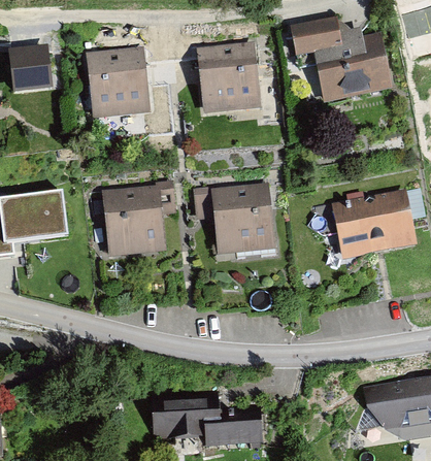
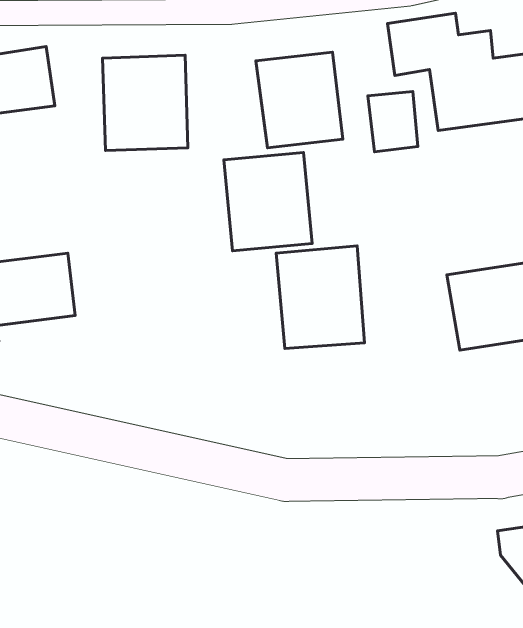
building: none -> [368,92,418,152]
building: [100,184,163,254] -> [224,152,312,251]
building: [154,401,263,447] -> none

